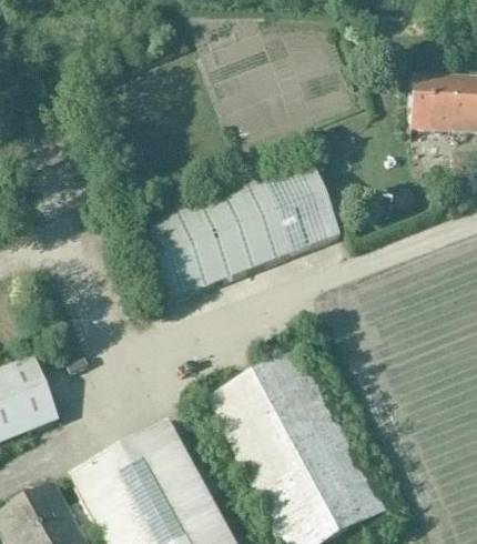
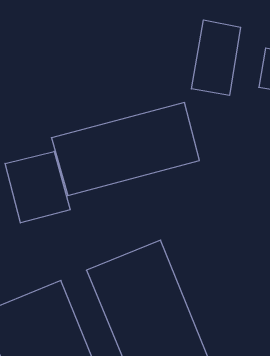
building: none -> [191,20,241,95]
building: none -> [5,151,70,223]

